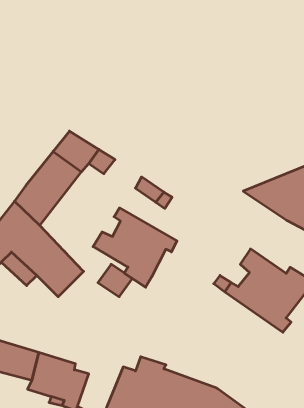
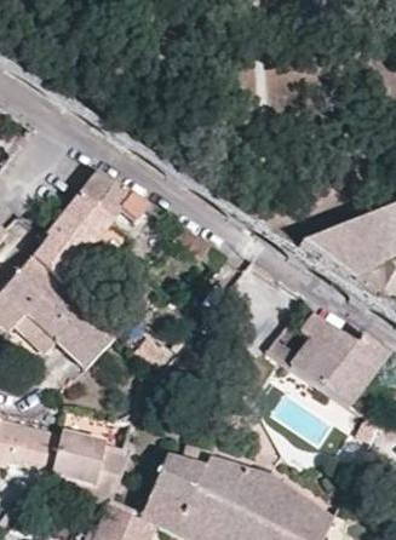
building: [93,208,177,287] -> none

